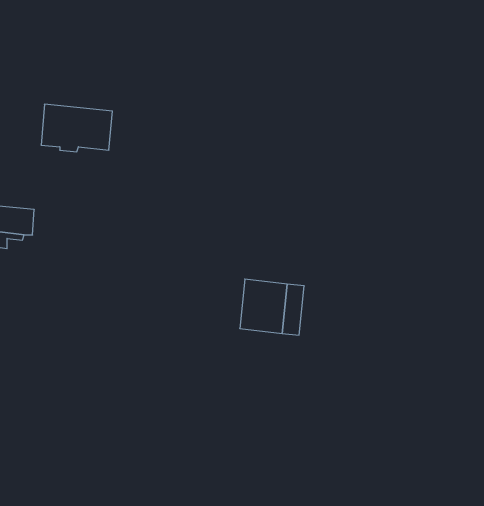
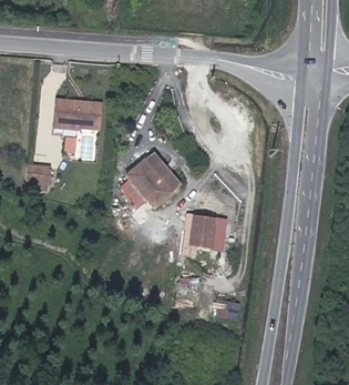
building: none -> [124,150,182,209]

